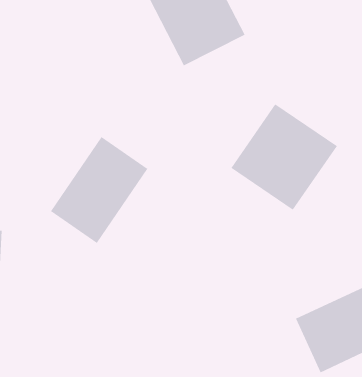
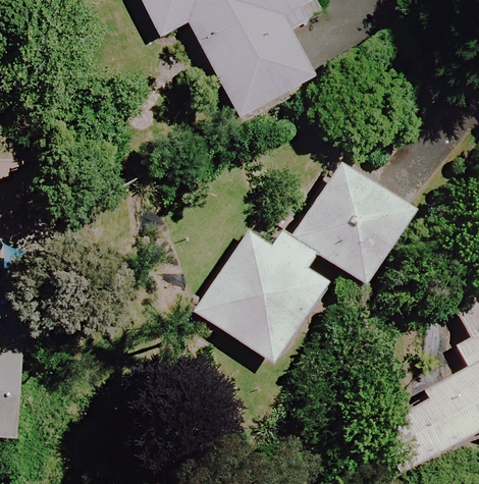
building: [50,136,148,244] -> none
building: none -> [195,226,332,363]

